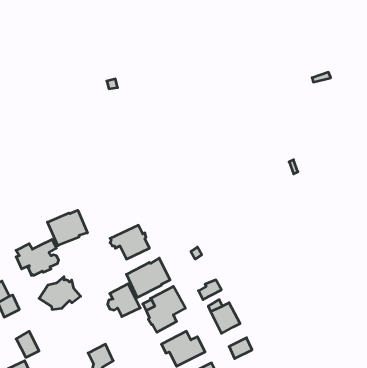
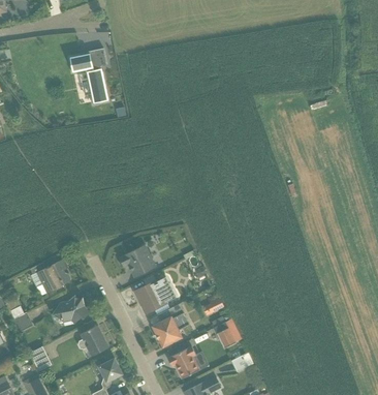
building: none -> [70,48,108,104]
building: [47,210,87,246] -> none
building: [108,284,140,317] -> [77,325,108,356]

